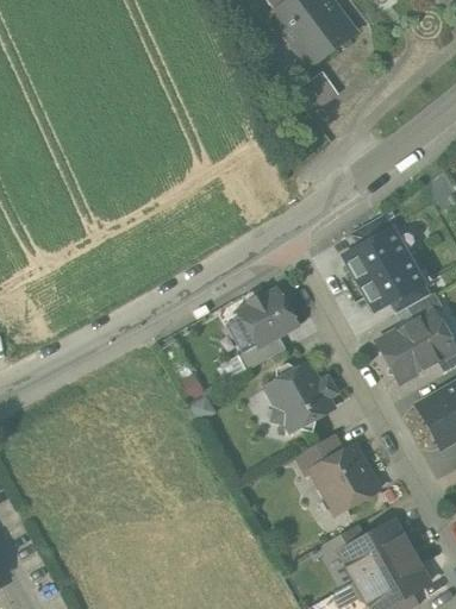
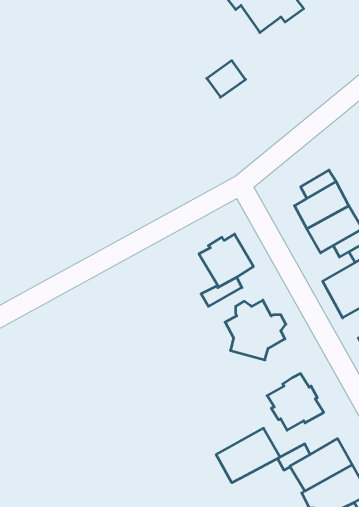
building: [295,73,339,114] -> [207,61,246,97]
building: [296,435,343,476] -> none
building: none -> [216,428,280,483]

